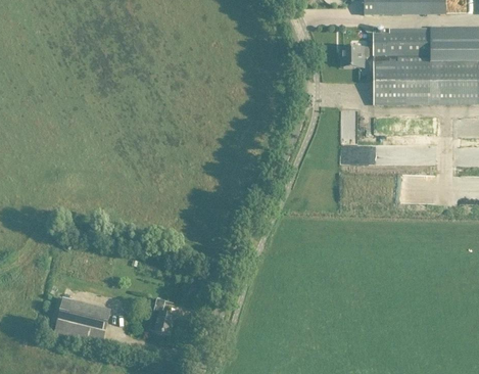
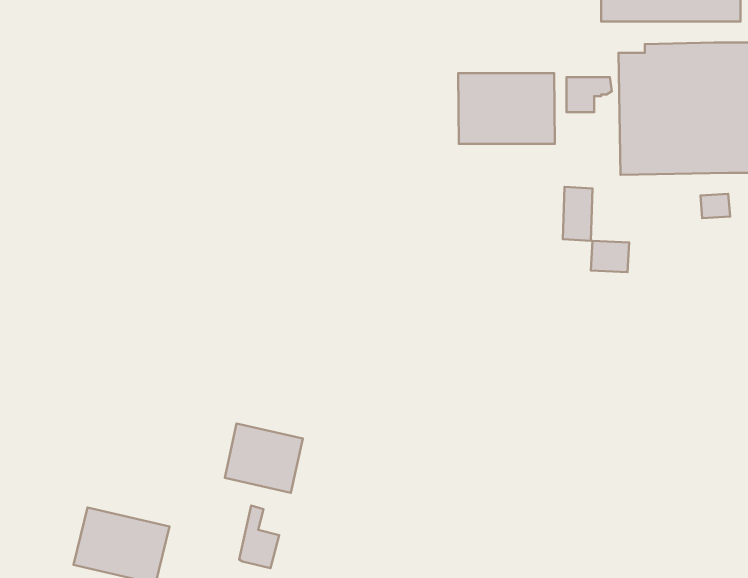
building: none -> [458,73,555,144]
building: none -> [225,423,303,493]

